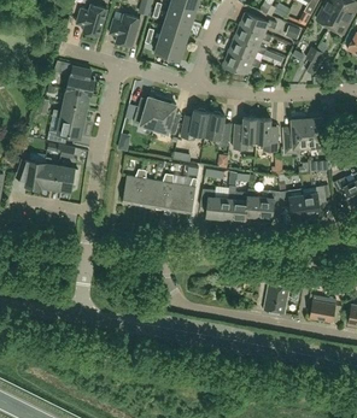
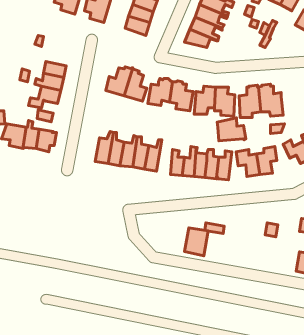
building: [66,66,94,96] -> none
building: none -> [217,118,246,141]
building: [263,283,289,314] -> [185,228,208,256]
building: [309,296,335,323] -> none

